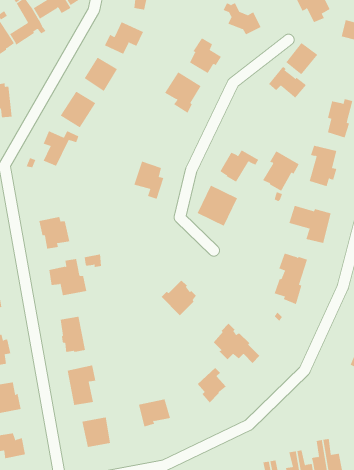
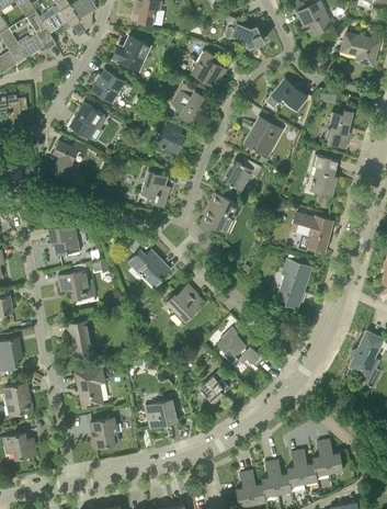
building: [285,42,318,75] -> none
building: none -> [155,120,185,158]
building: [262,151,300,191] -> [246,116,282,156]
building: none -> [128,249,170,287]

